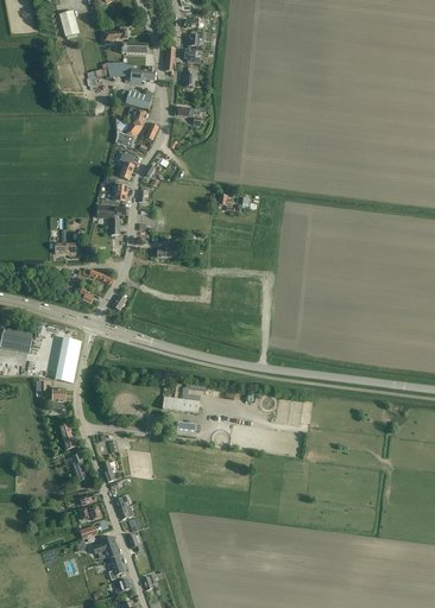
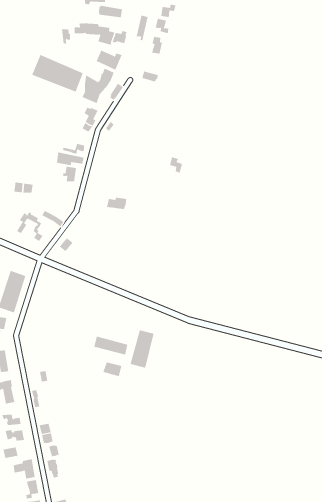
building: none -> [31,54,84,93]
building: none -> [130,330,154,369]

